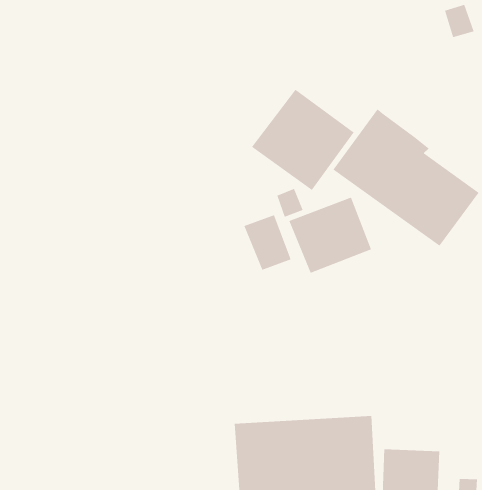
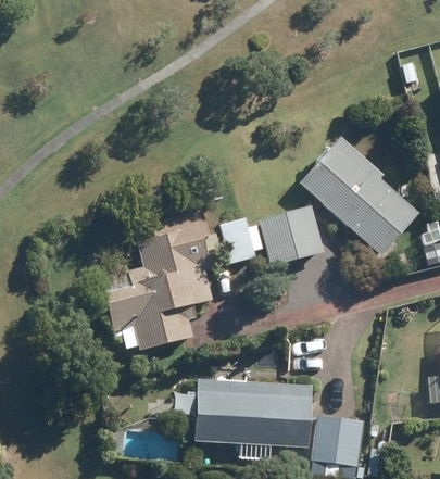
building: [251,89,354,191] -> none
building: none -> [101,210,216,349]

